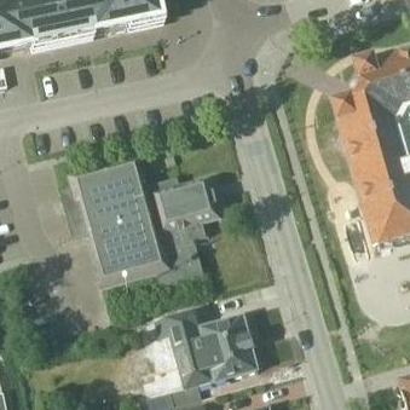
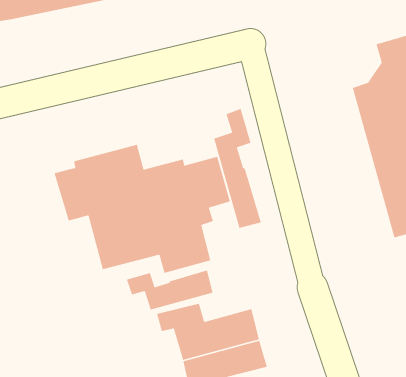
building: none -> [213,108,262,229]
building: none -> [126,269,214,311]

